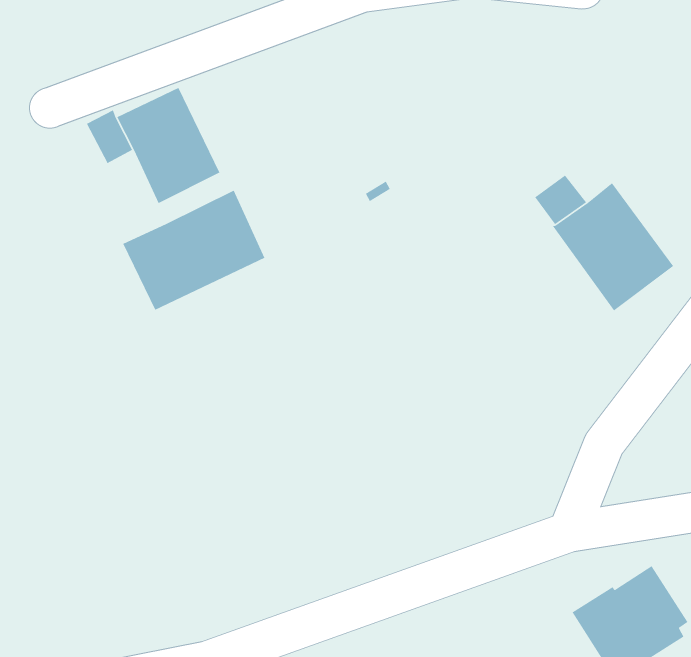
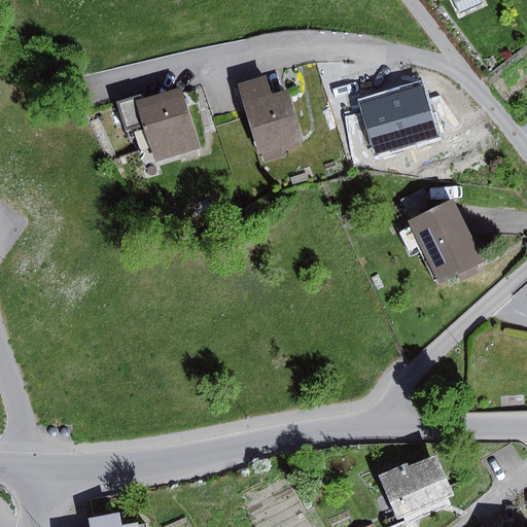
building: none -> [359,84,436,155]
building: none -> [237,76,303,163]
building: [122,190,265,311] -> none

